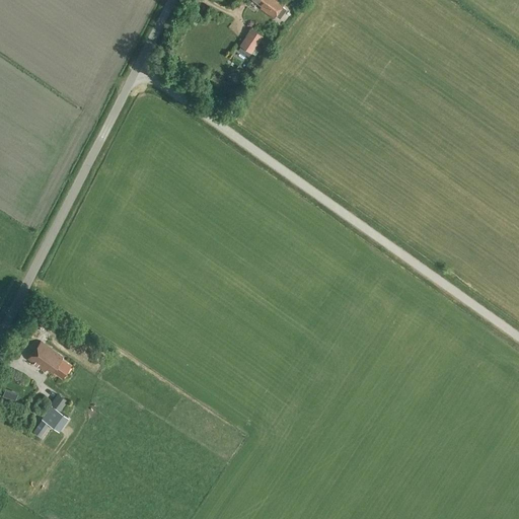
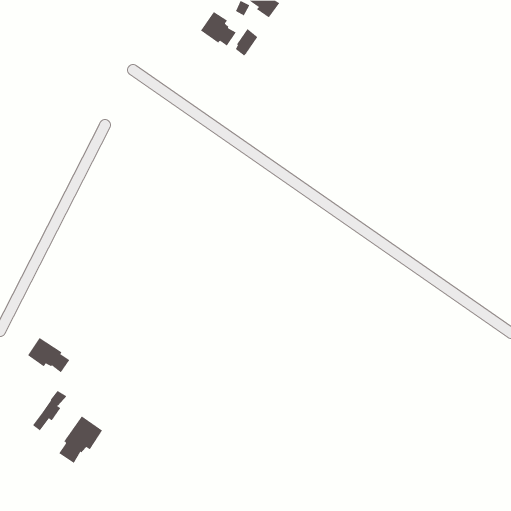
building: none -> [200,11,237,47]
building: none -> [58,415,103,464]

